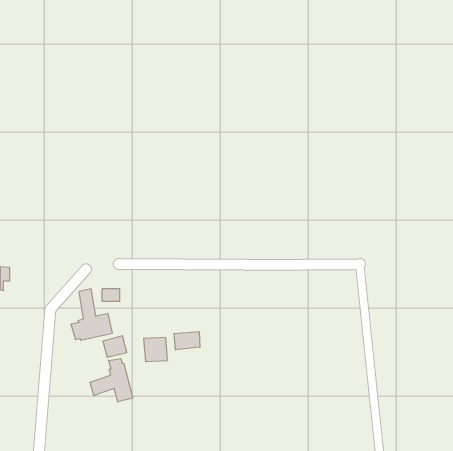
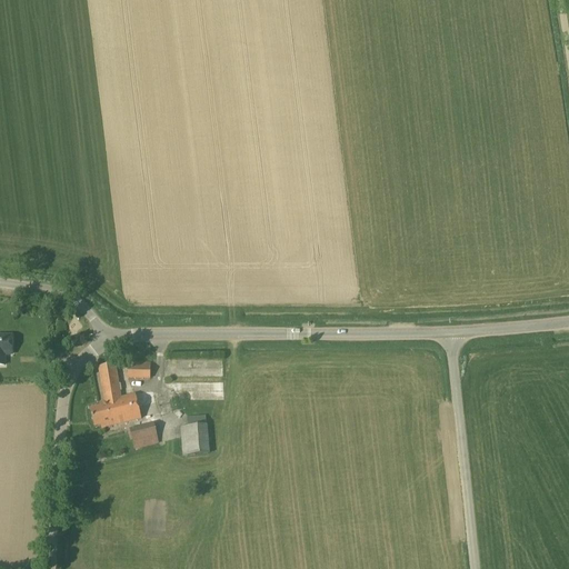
building: [174,332,200,350] -> none
building: [90,359,133,402] -> none

